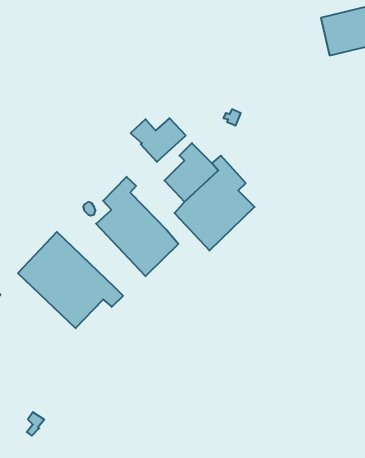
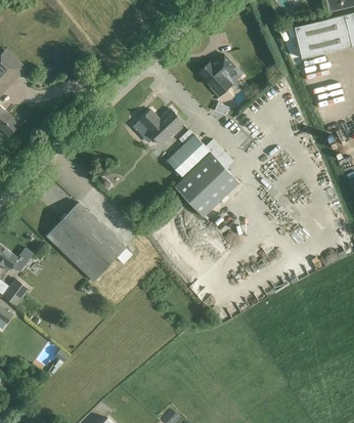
building: none -> [198,54,235,97]
building: [96,177,178,276] -> none

